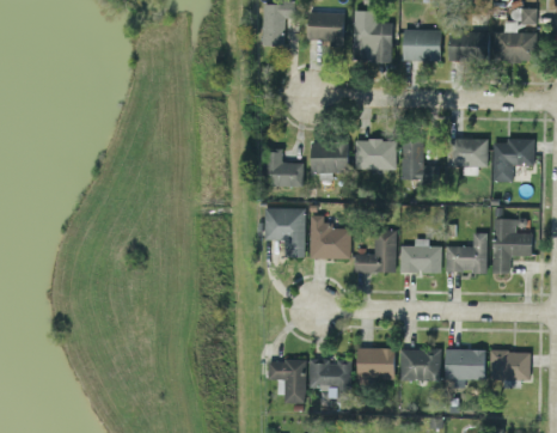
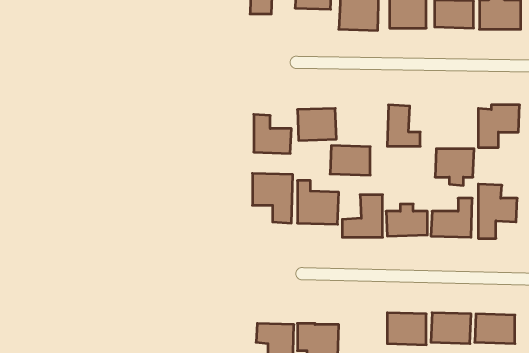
building: [448,139,488,176] -> [435,149,474,185]
building: [354,140,394,170] -> [330,146,370,175]
building: [356,348,394,378] -> none

